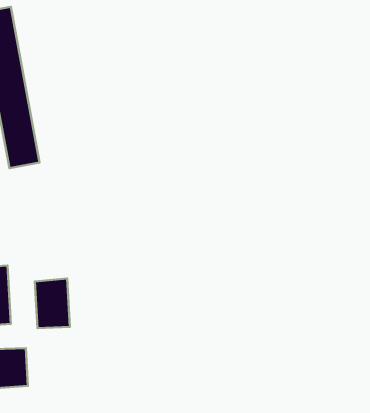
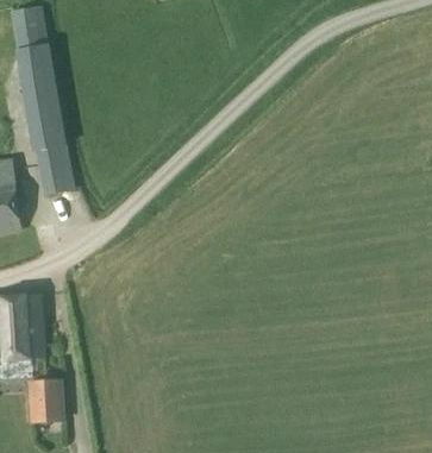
building: [35,279,70,328] -> none

